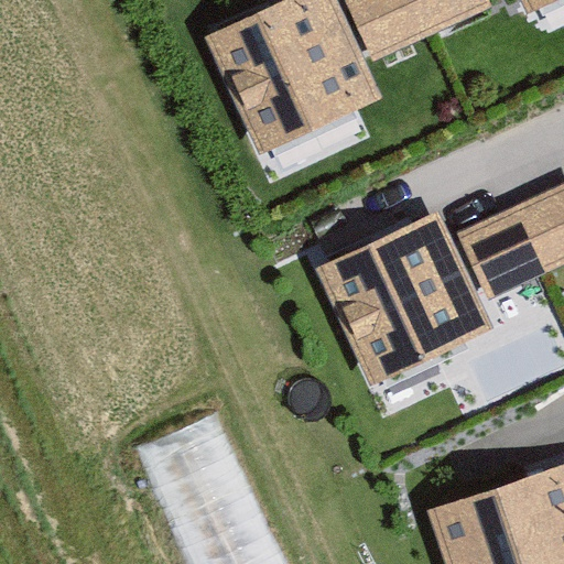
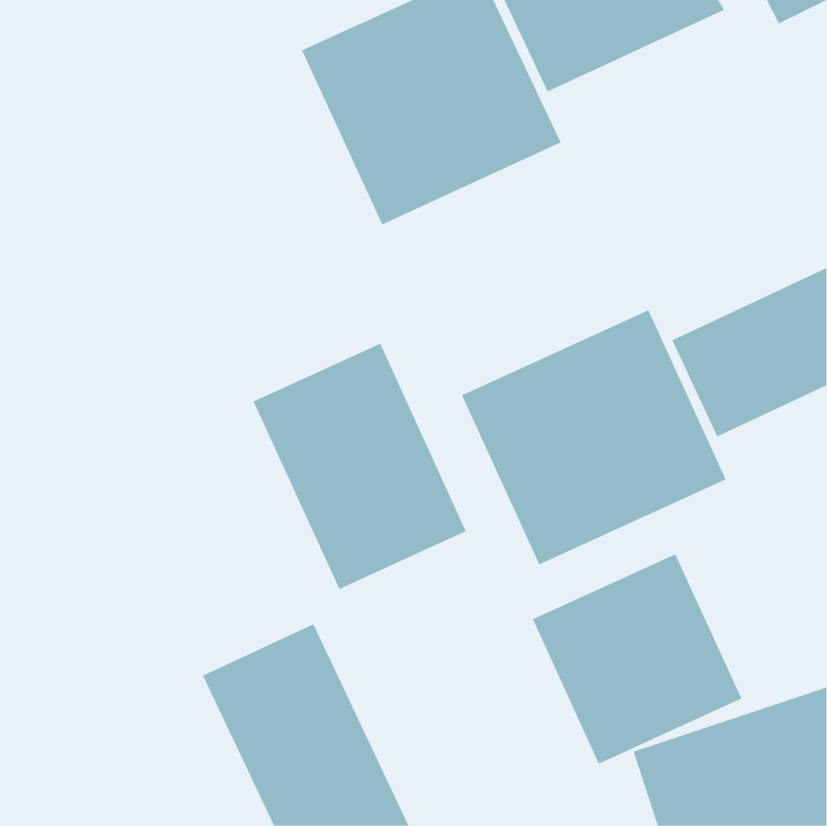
building: none -> [253,343,467,590]
building: none -> [532,553,742,765]

